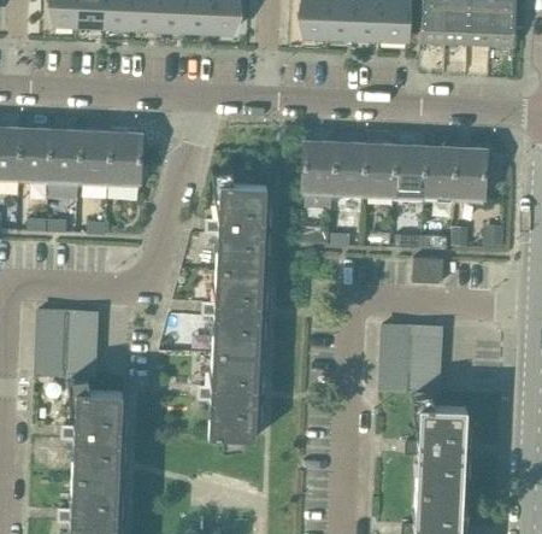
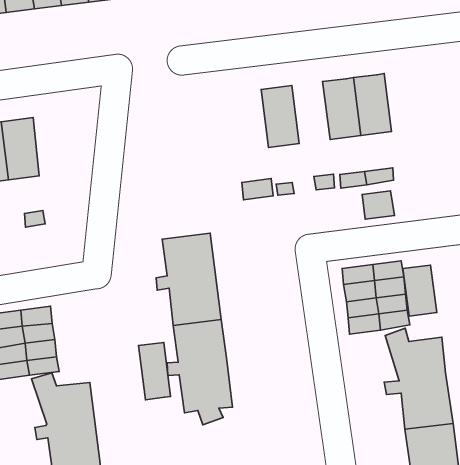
building: [110,129,143,187] -> none
building: [304,139,336,196] -> none
building: [364,141,396,199] -> none
building: [454,145,488,203] -> none
building: [208,170,267,269] -> none
building: none -> [403,265,437,316]
building: none -> [139,342,171,400]

